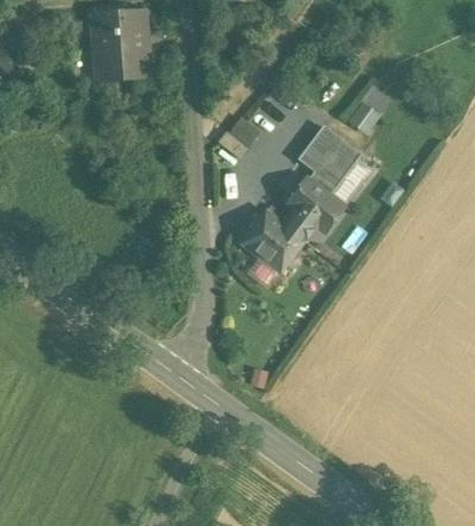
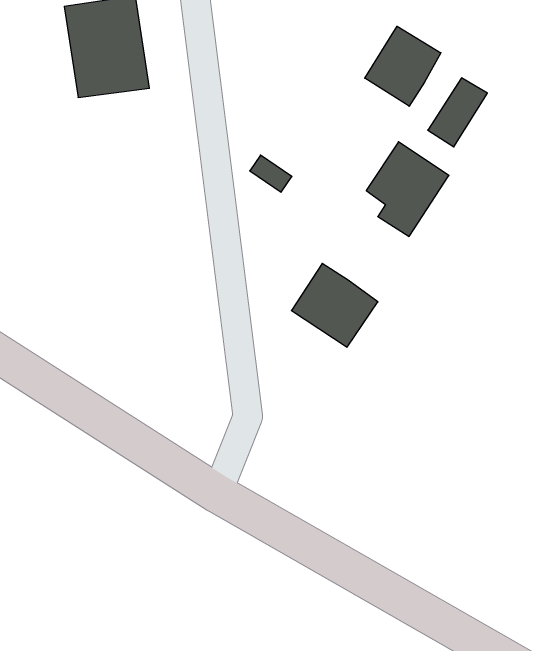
building: none -> [365,26,441,106]
building: [283,177,343,241] -> none

